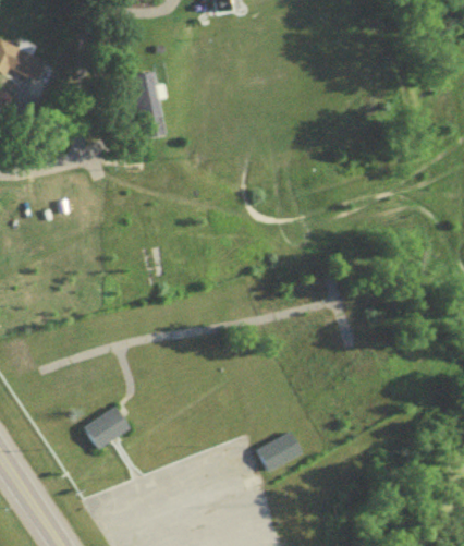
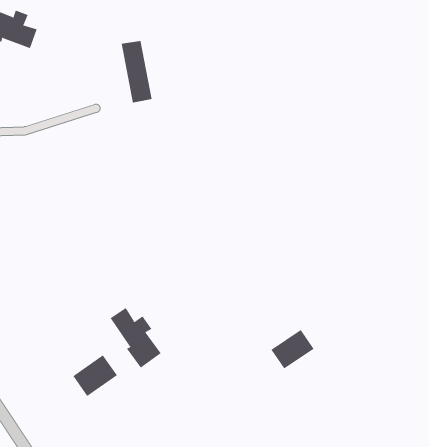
building: none -> [110,307,161,369]
building: [255,429,302,472] -> [270,329,315,369]

